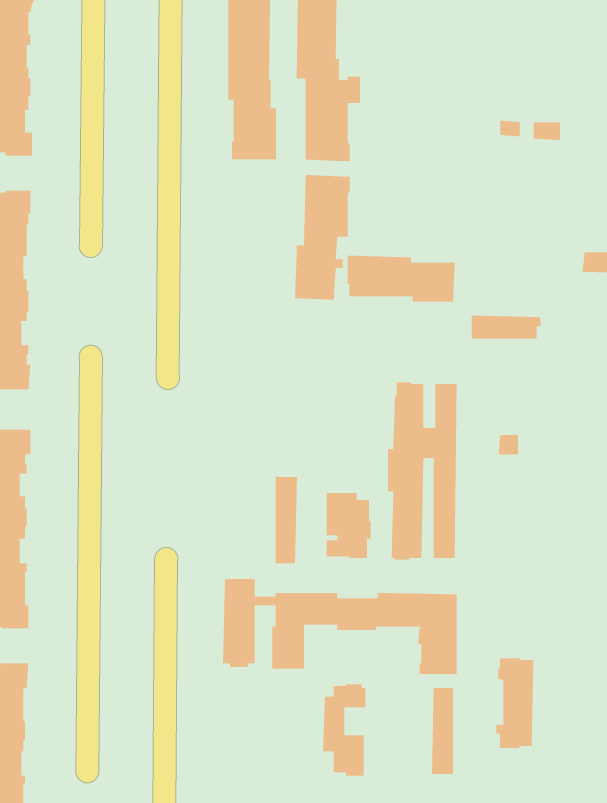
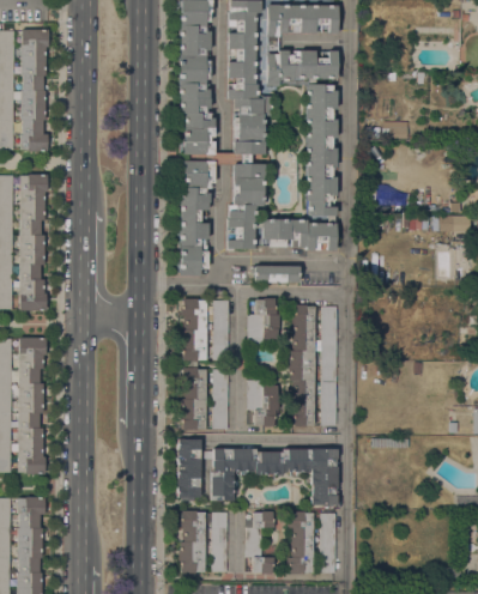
building: none -> [265,49,337,216]
building: none -> [179,160,213,275]
building: [471,315,541,339] -> [253,265,301,281]
building: none -> [247,297,279,344]
building: none -> [180,298,229,430]
building: [496,657,534,749] -> [286,511,313,574]
building: none -> [179,510,226,572]

